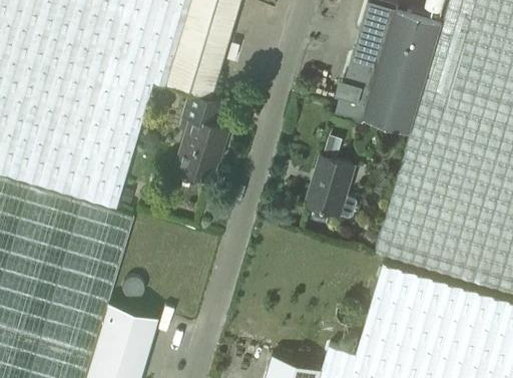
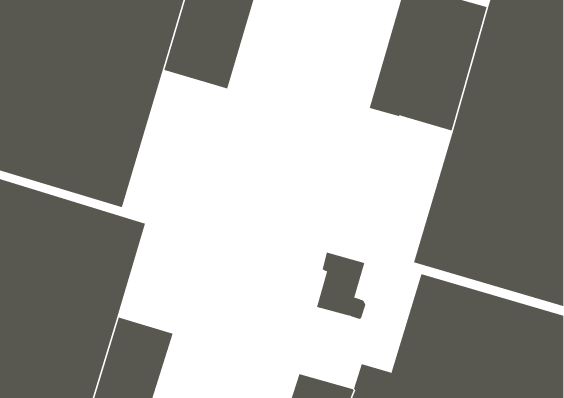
building: [172,93,224,178] -> none
building: [312,156,357,218] -> [316,252,366,319]

